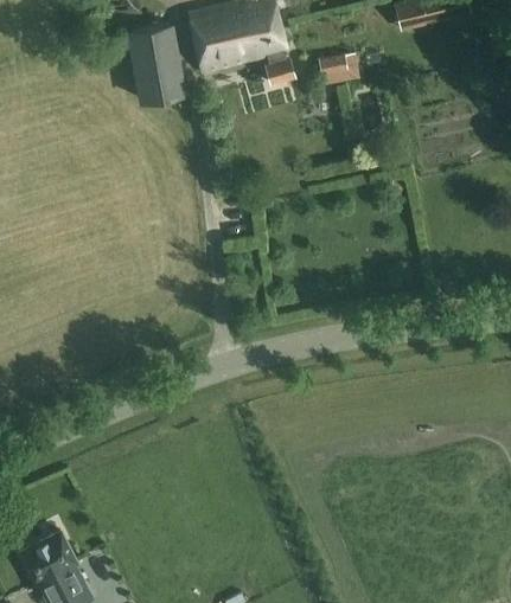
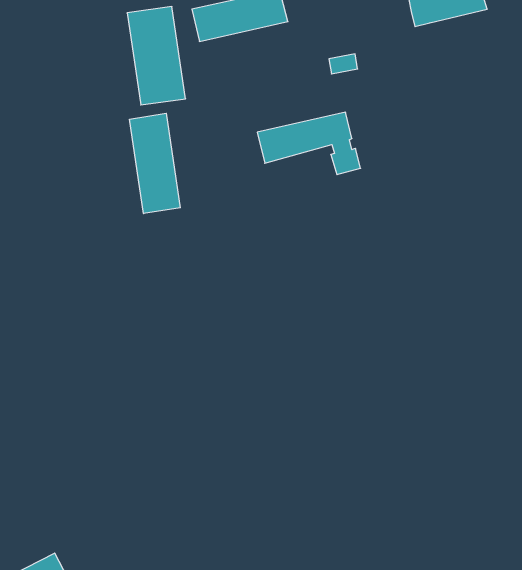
building: [197,24,295,83] -> [257,112,361,175]
building: none -> [130,113,180,214]

